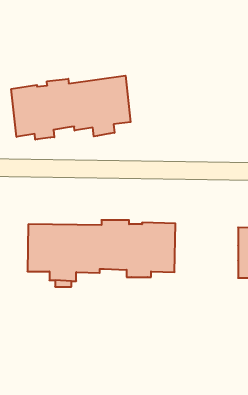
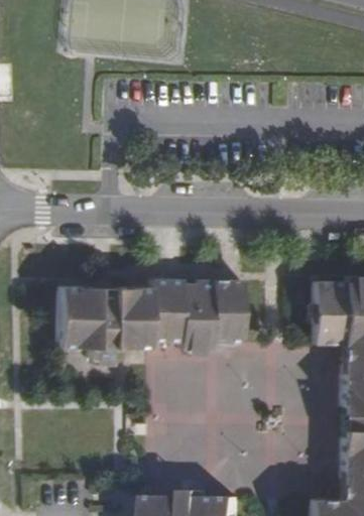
building: [11,76,131,140] -> none

